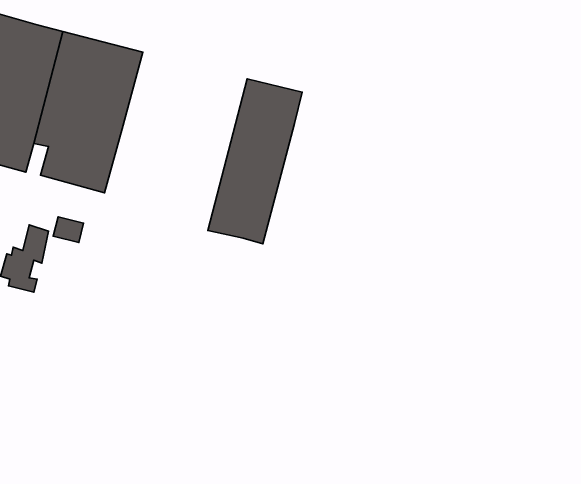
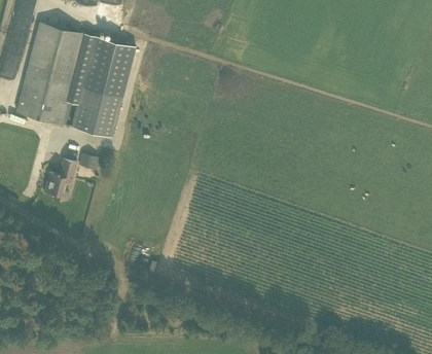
building: [208,79,302,244] -> none

